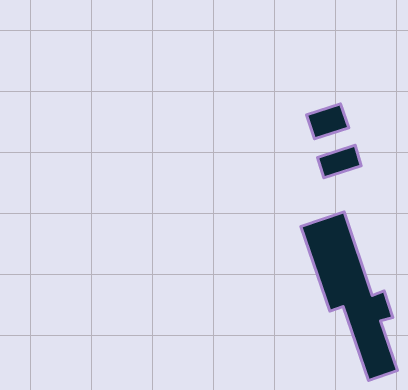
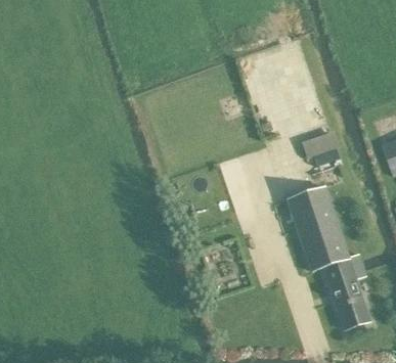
building: [306,104,349,139] -> none

